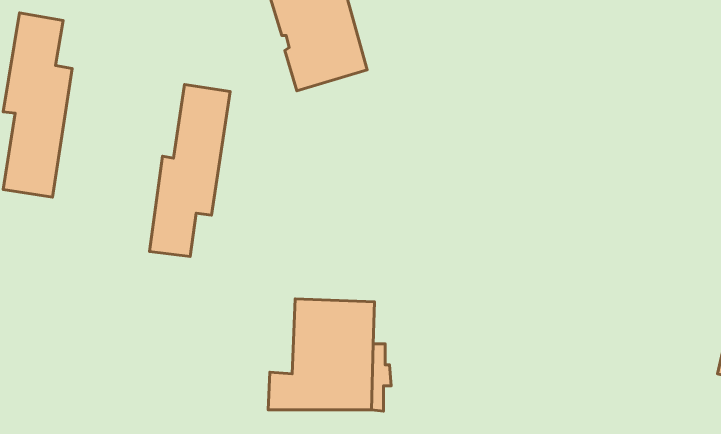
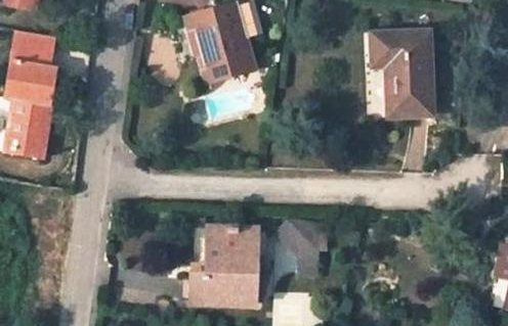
building: none -> [370,31,433,115]
building: [150,85,230,257] -> none

